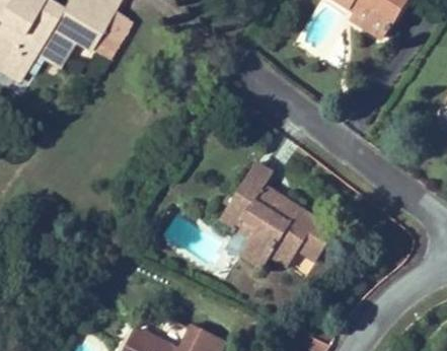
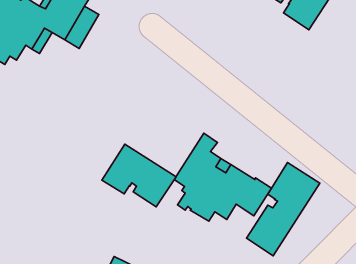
building: none -> [102,144,176,207]
building: none -> [246,162,320,256]

